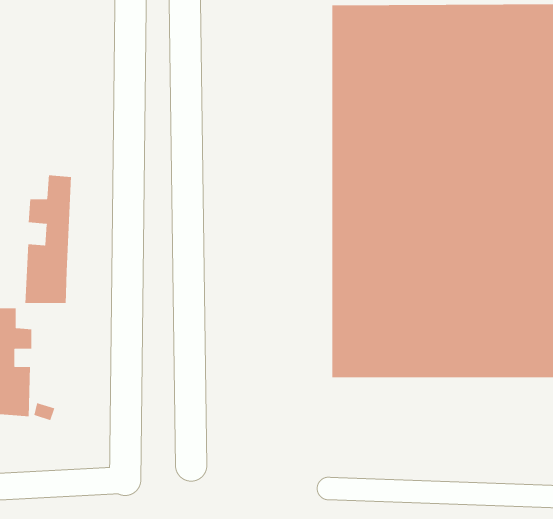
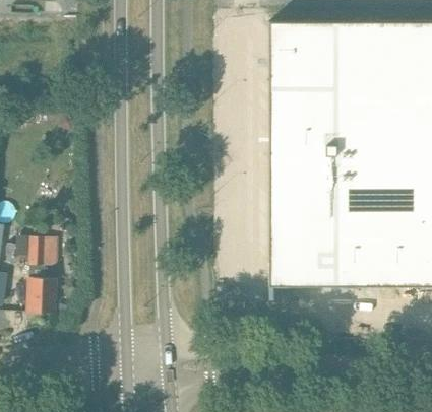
building: [25,174,71,304] -> none

